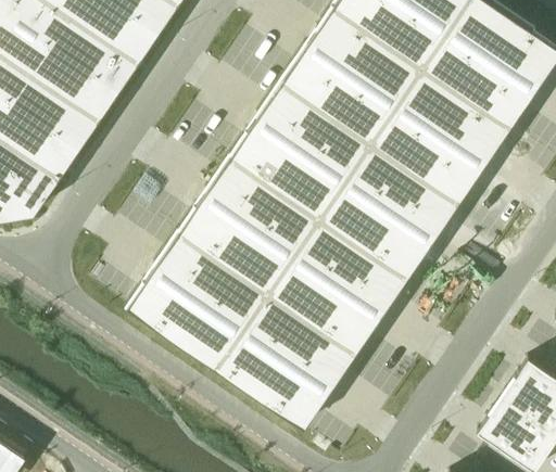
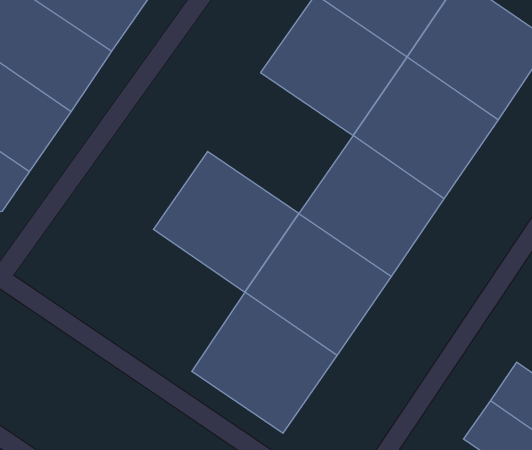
building: [230,81,370,217] -> none
building: [126,232,266,369] -> none

